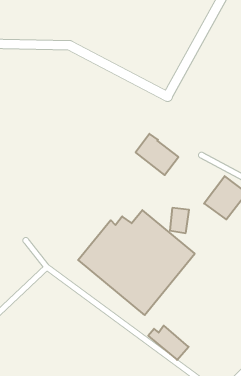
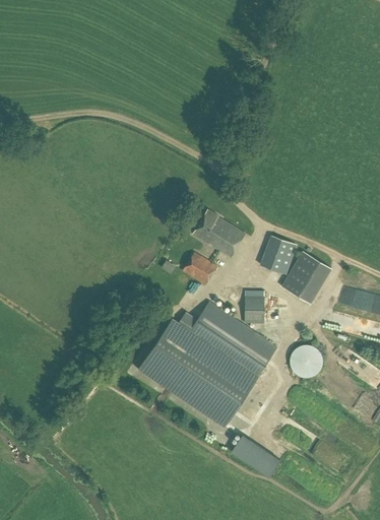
building: none -> [260,237,296,274]
building: none -> [181,252,216,285]
building: none -> [290,344,322,378]

